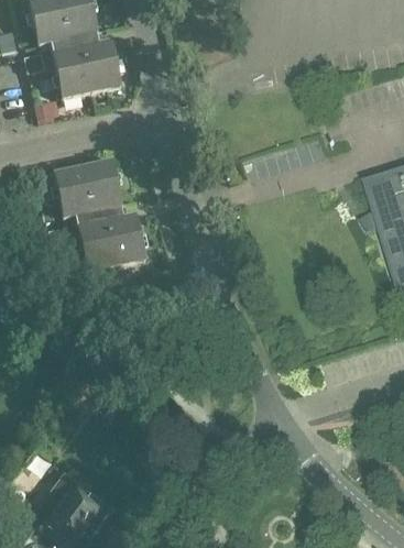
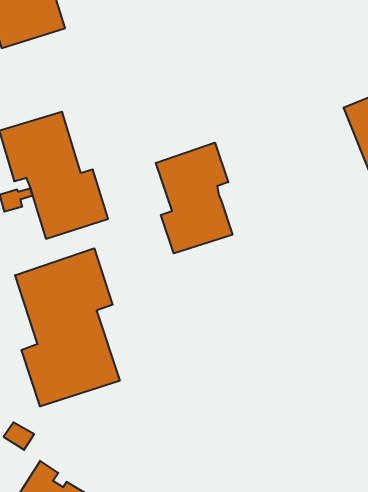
building: none -> [156,143,232,253]
building: none -> [15,248,120,406]

